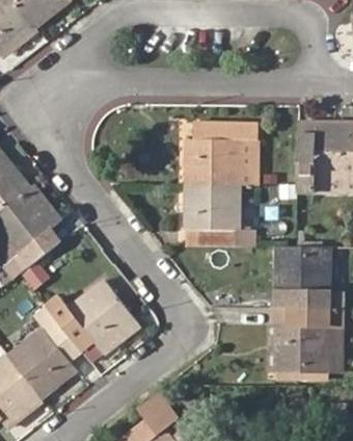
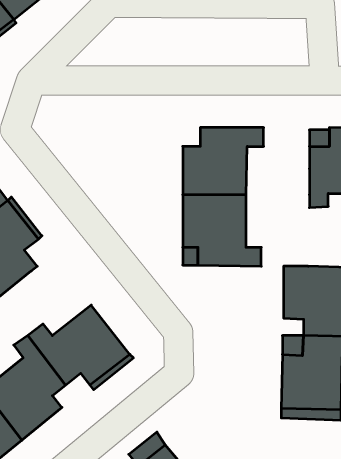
building: [241,139,262,182] -> none

